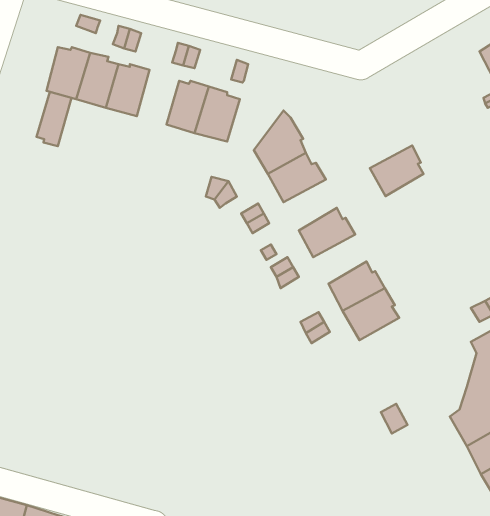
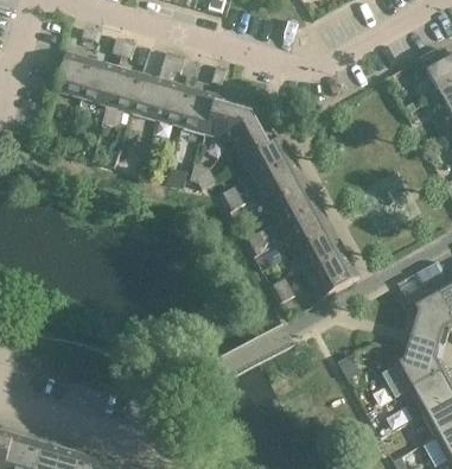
building: none -> [130,74,166,120]
building: [37,92,72,146] -> none
building: none -> [206,99,254,141]
building: [370,146,424,196] -> [254,166,299,209]
building: none -> [279,213,324,254]

